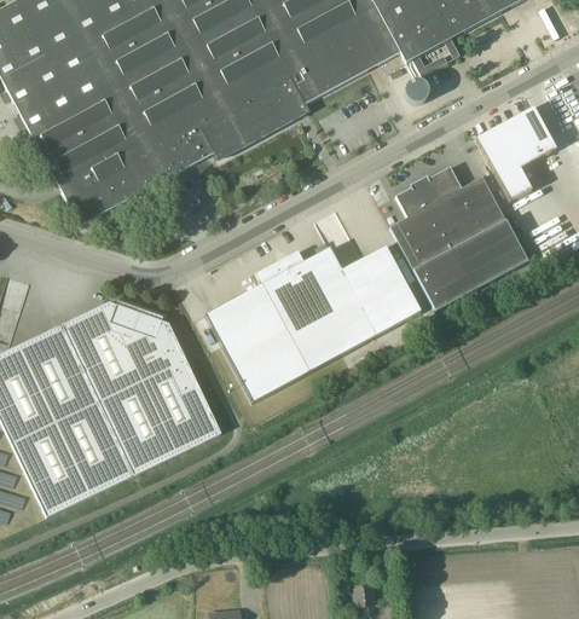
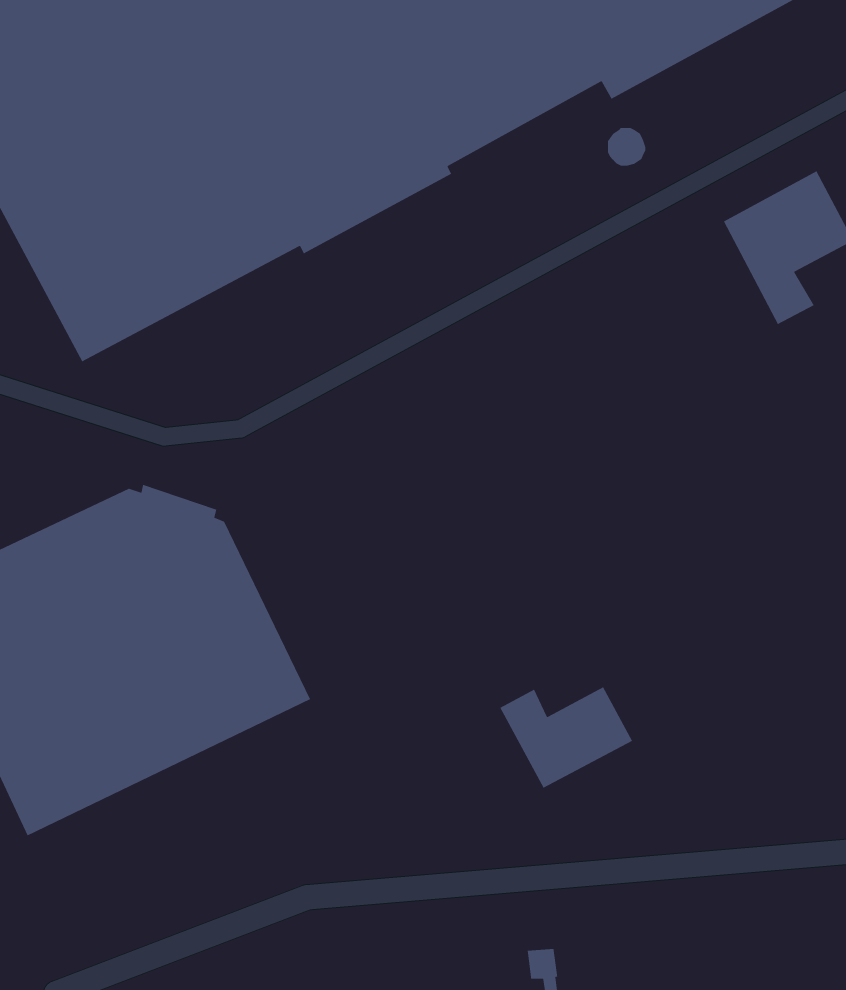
building: [389,166,527,311] -> none
building: [204,245,421,401] -> none
building: none -> [499,686,633,789]

